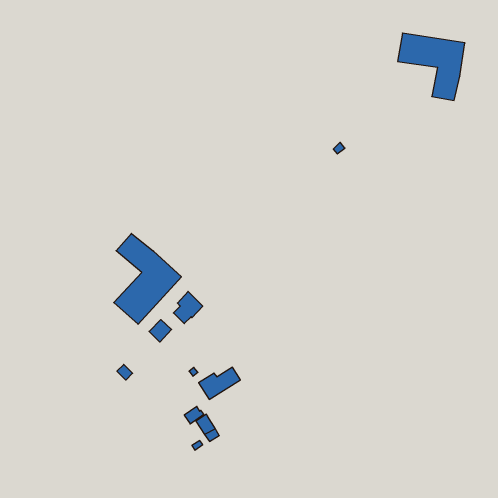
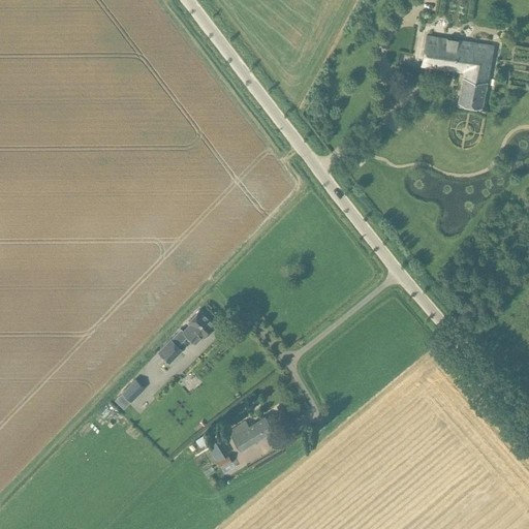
building: [114,233,181,324] -> none
building: [199,367,240,399] -> [229,415,274,449]

